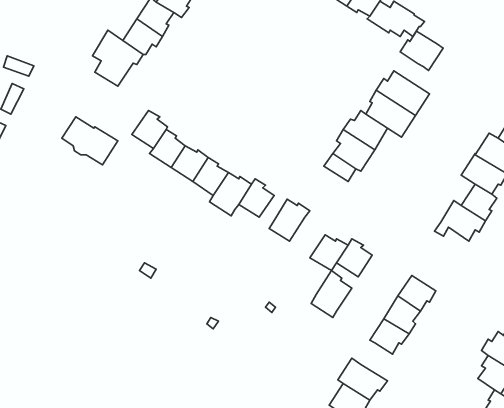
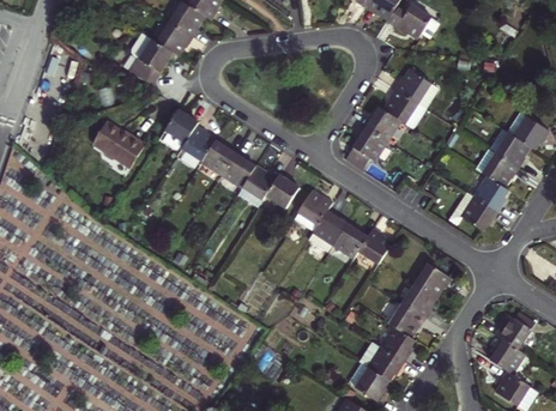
building: [400,31,443,70] -> none
building: [311,270,352,317] -> [308,207,346,252]
building: none -> [380,326,415,362]

